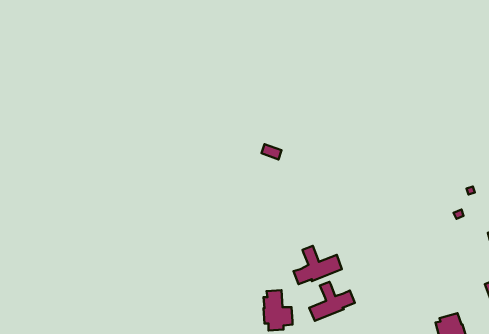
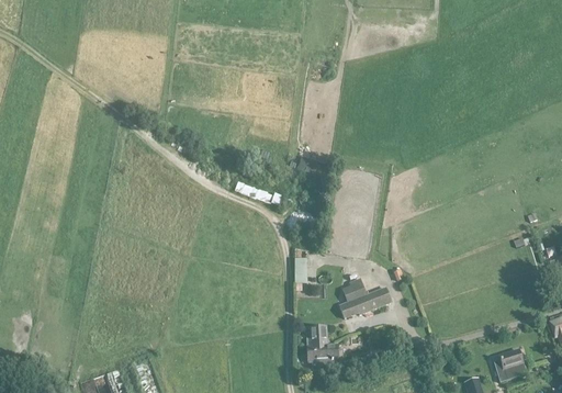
building: [309,282,355,321] -> none

